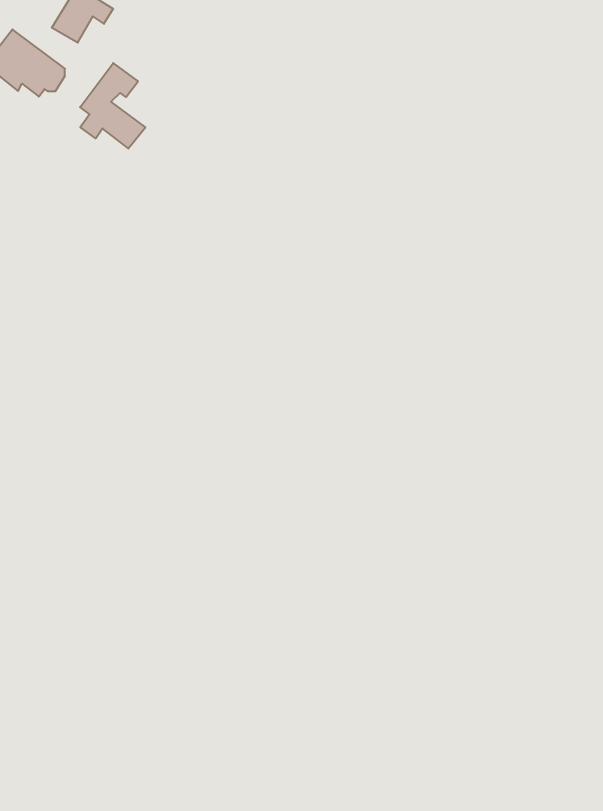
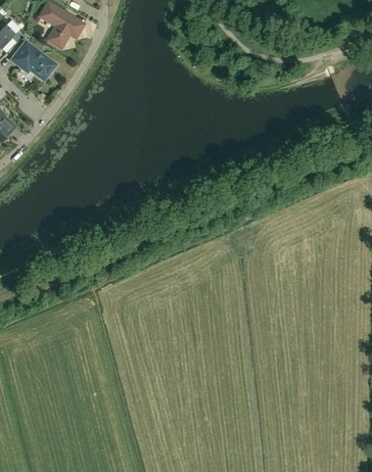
building: [80,63,145,149] -> none

